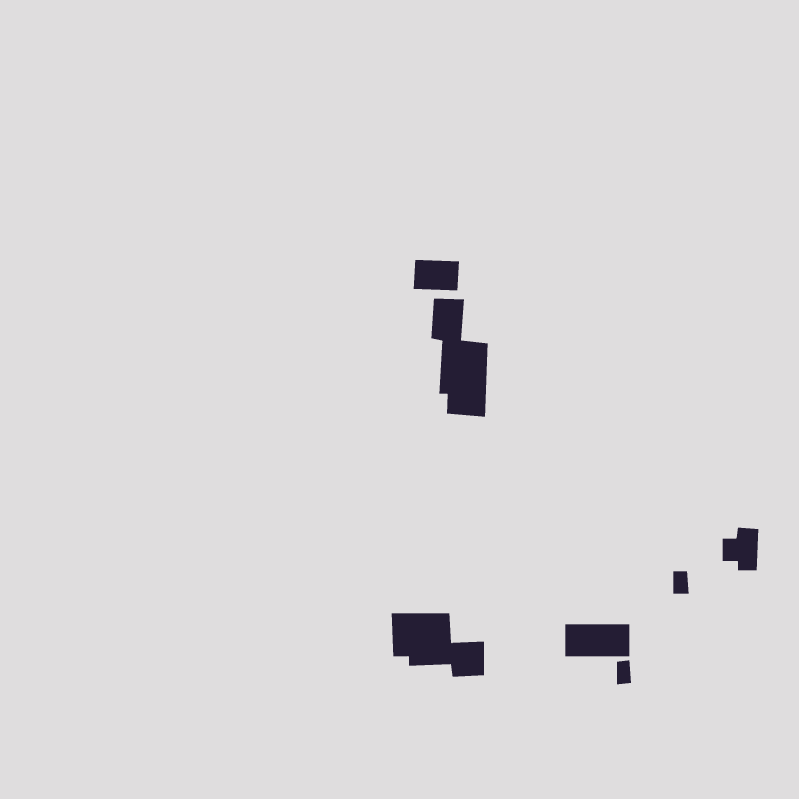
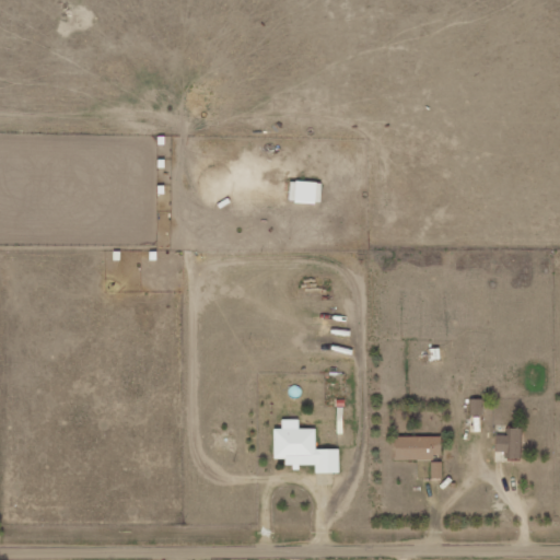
building: [431,298,488,417] -> none
building: [722,527,759,571] -> [495,428,522,458]

